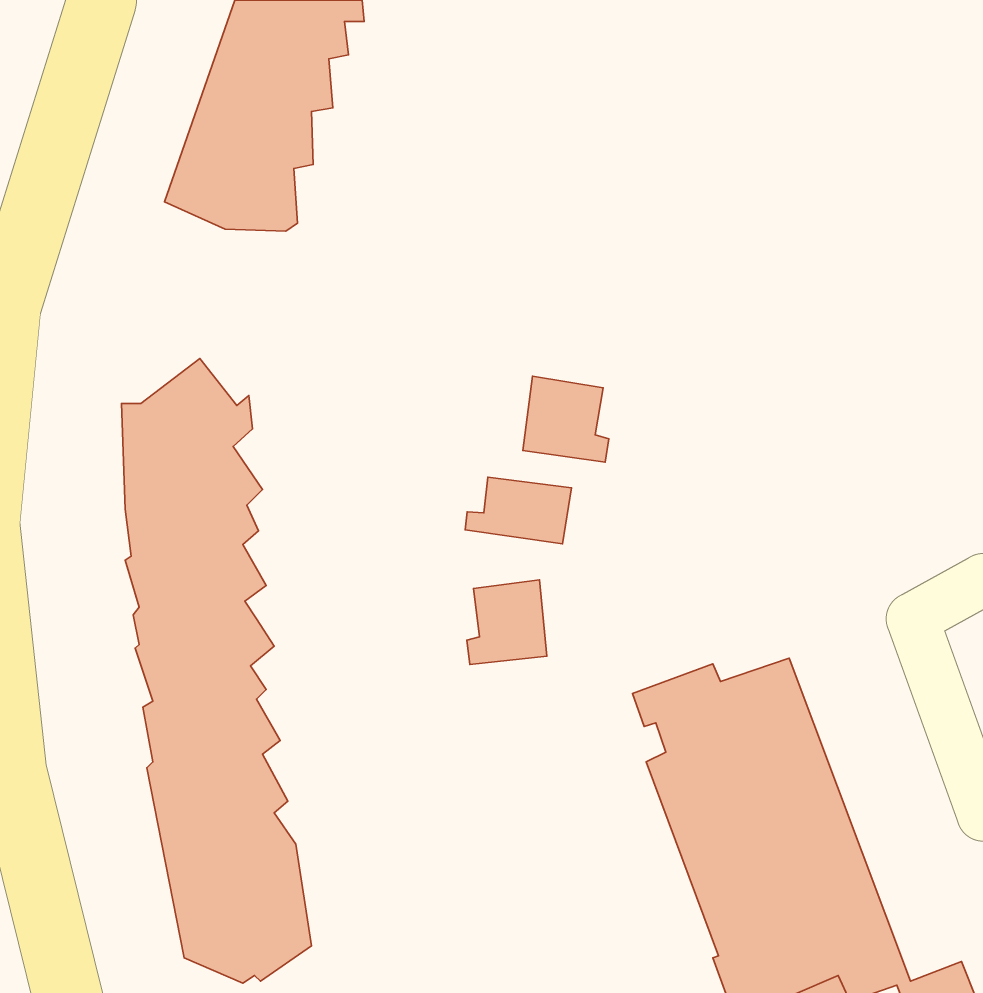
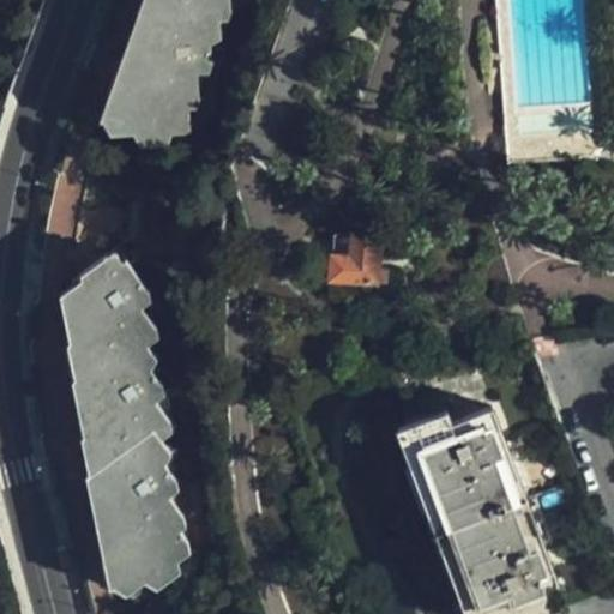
building: [465,477,572,544] -> none
building: [467,580,547,664] -> none

